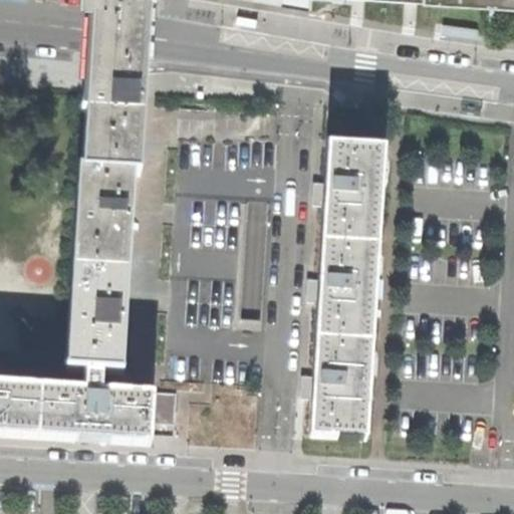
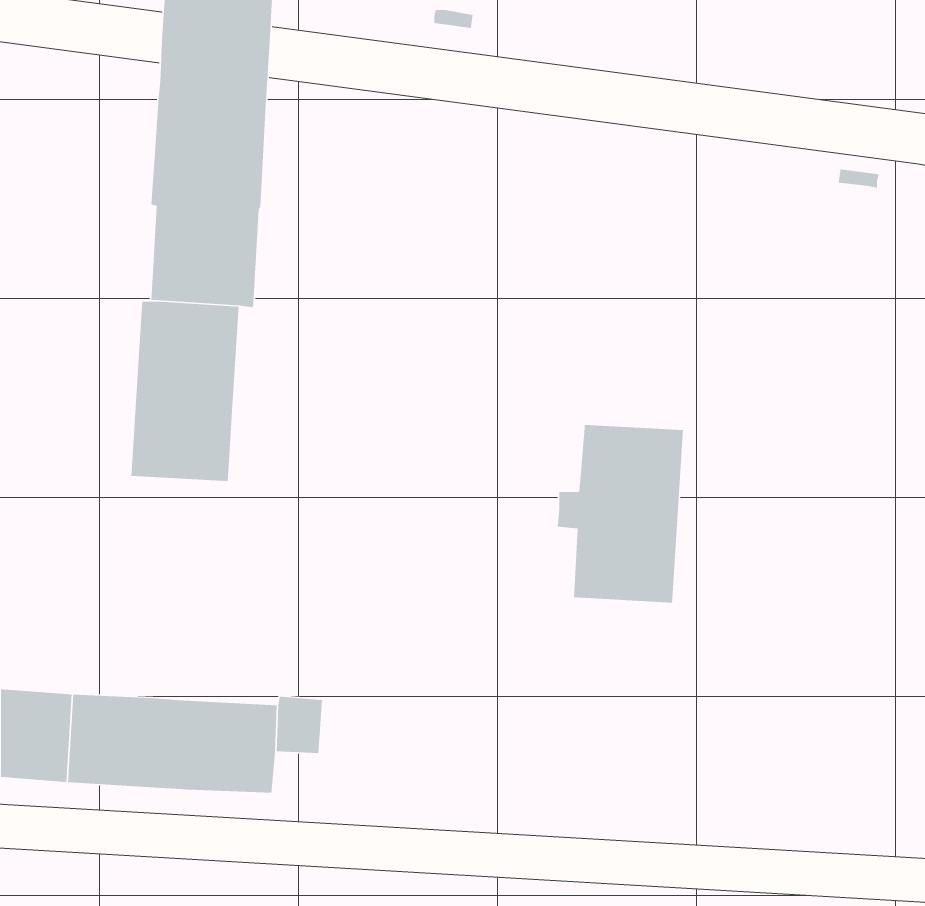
building: [315,137,386,238] -> none
building: [67,264,127,388] -> none
building: [304,331,373,432] -> none

